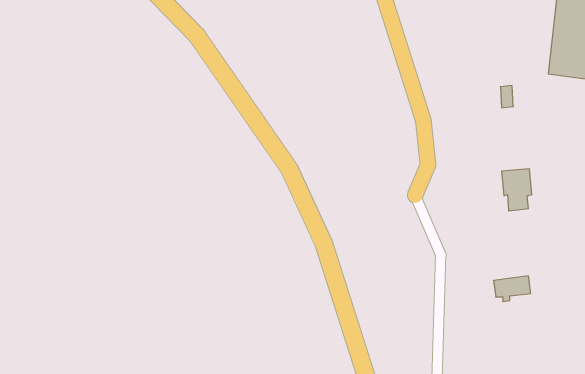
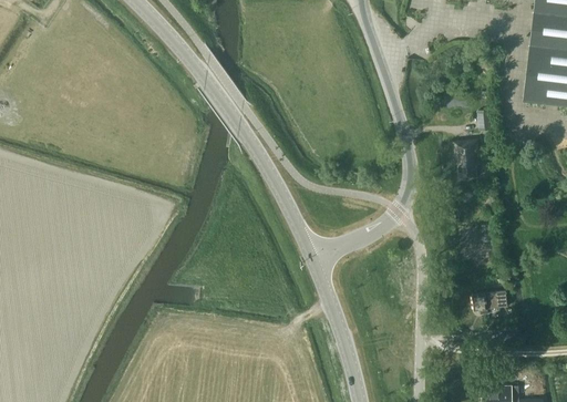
building: [502,169,532,211] -> [453,138,482,178]

